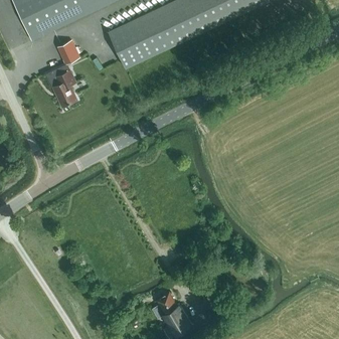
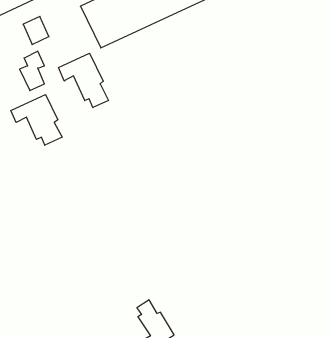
building: none -> [58,53,108,108]
building: none -> [11,95,62,145]

